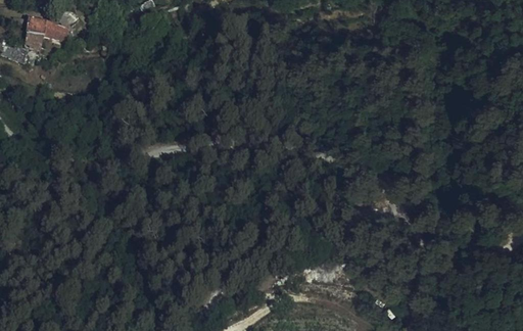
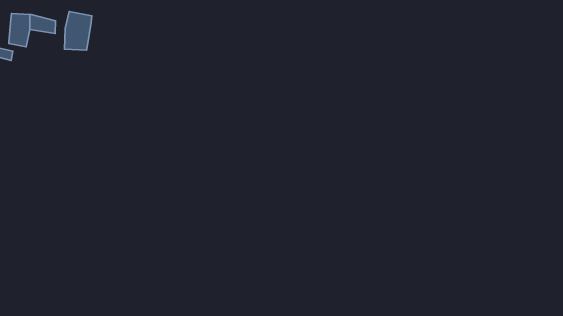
building: none -> [64,12,92,50]

